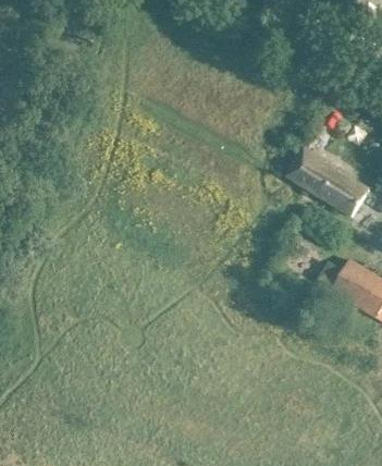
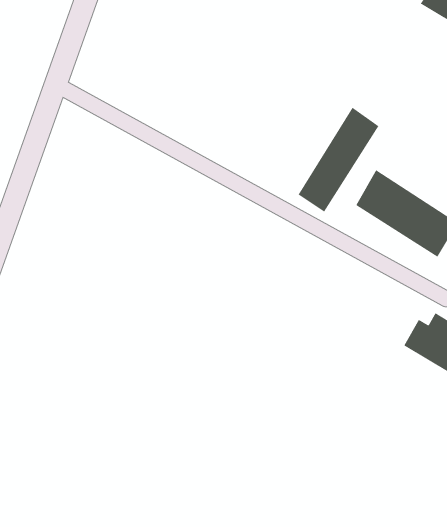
building: none -> [298,107,379,213]

